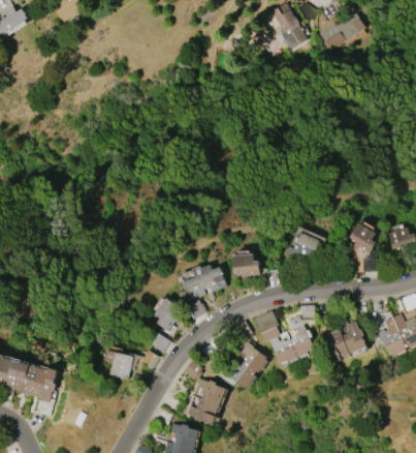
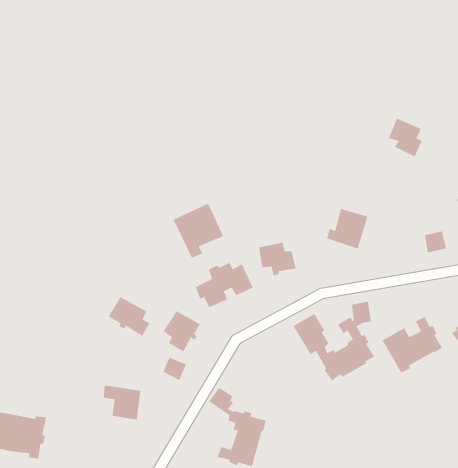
building: none -> [172,203,224,259]
building: [349,222,376,254] -> [388,117,423,157]
building: none -> [108,296,151,337]
building: [226,342,267,388] -> none

